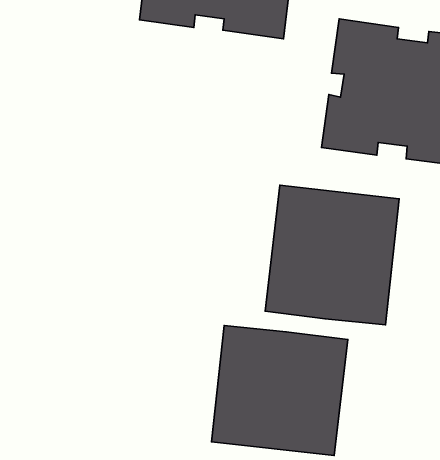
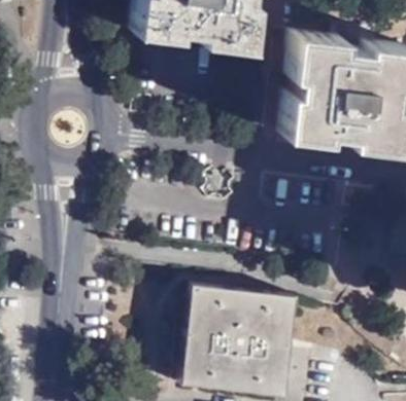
building: [265,185,399,325] -> none

